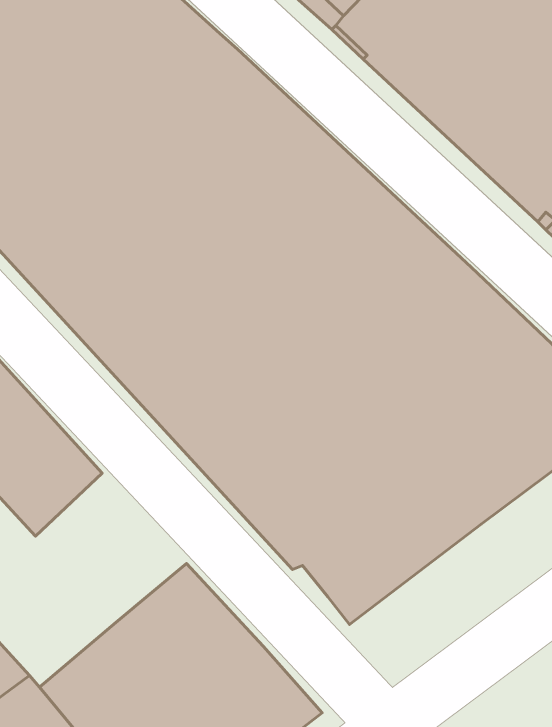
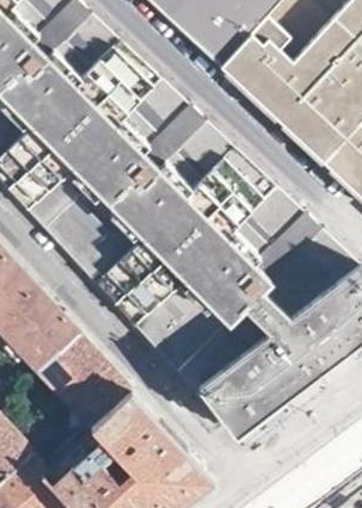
building: none -> [41,336,133,427]

